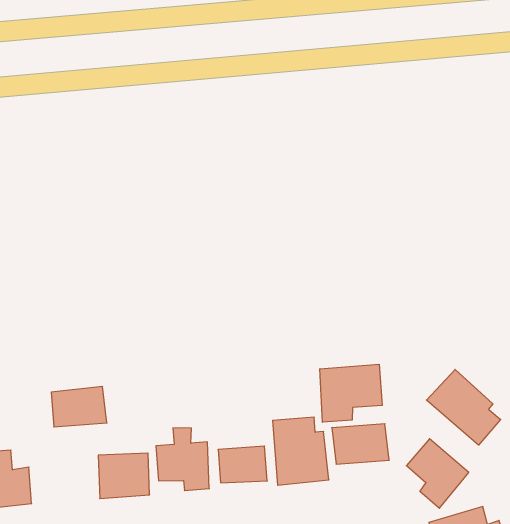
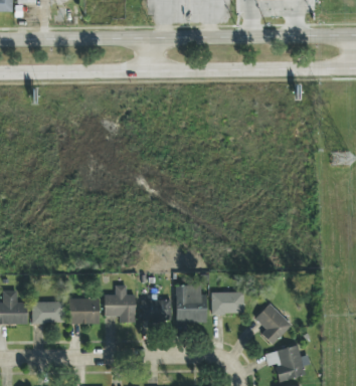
building: [320,364,382,422] -> none
building: [426,369,501,445] -> none
building: [51,387,107,427] -> [32,302,64,324]

